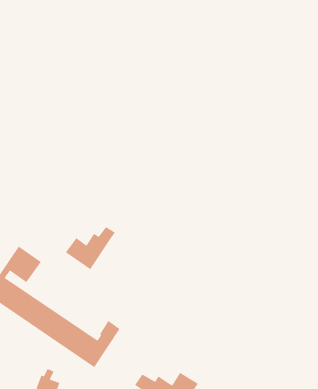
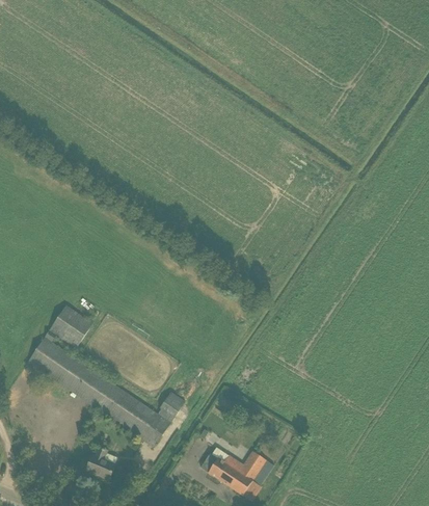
building: [65,226,116,270] -> none

